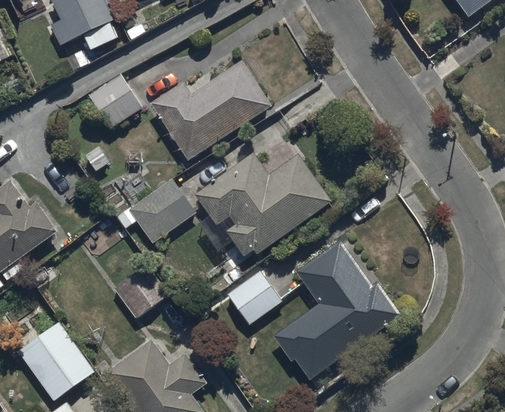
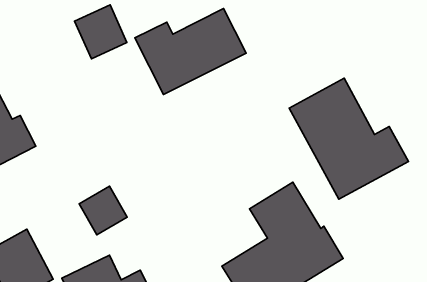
building: none -> [289,78,408,199]
building: [195,152,332,255] -> none
building: [116,179,195,244] -> none
building: [224,268,282,325] -> none

